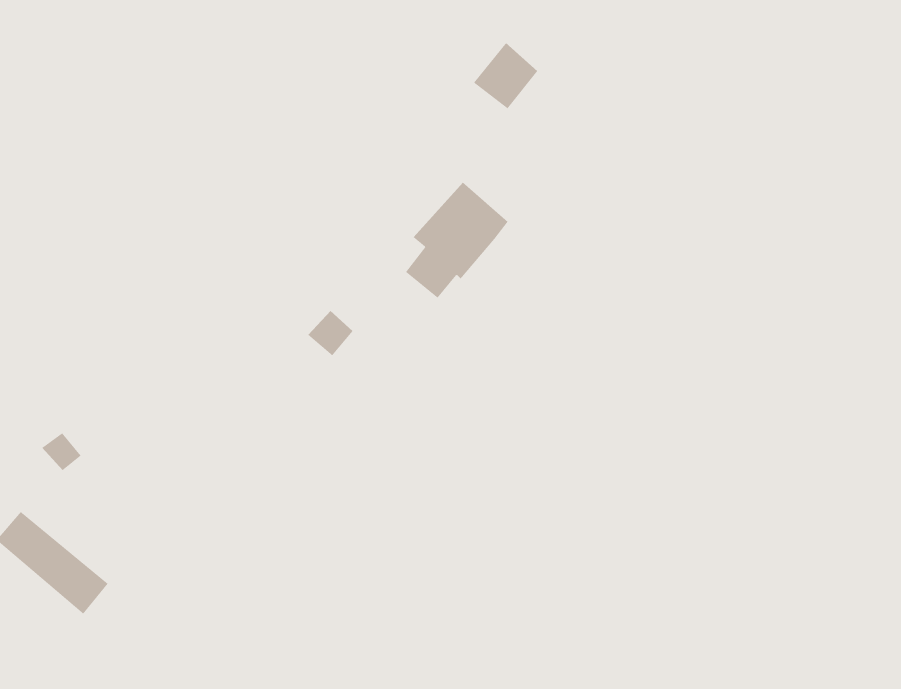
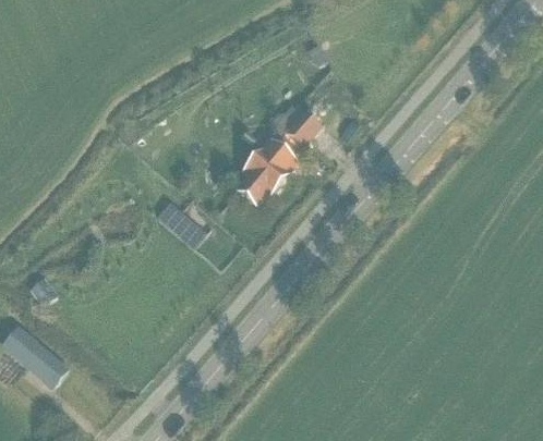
building: [473,42,538,109] -> [281,110,318,148]

